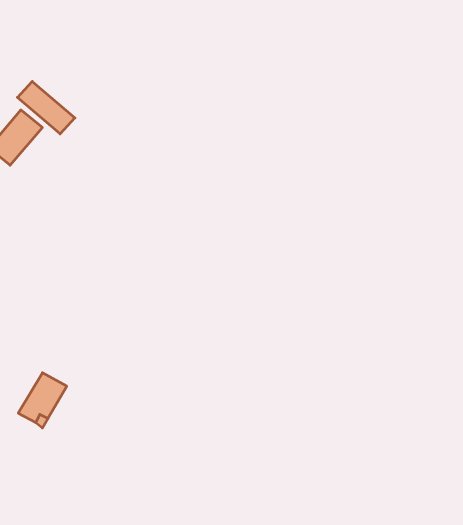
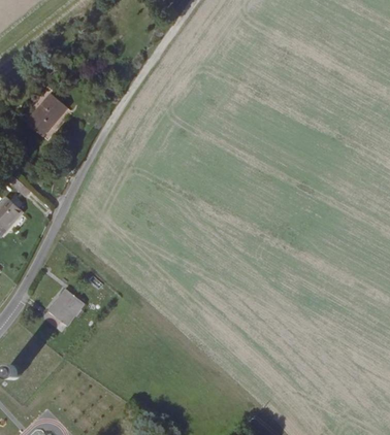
building: [17,81,75,134] -> none

